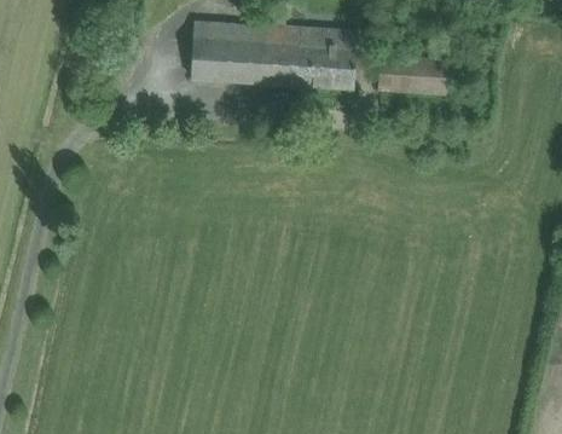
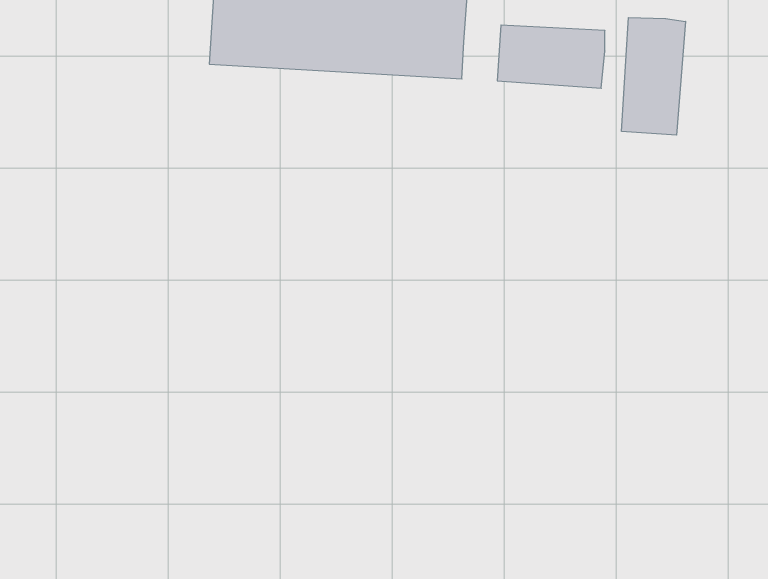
building: none -> [622,18,686,135]

